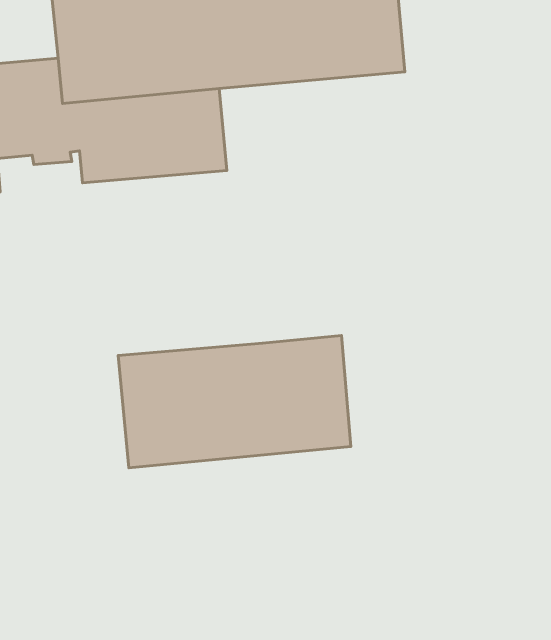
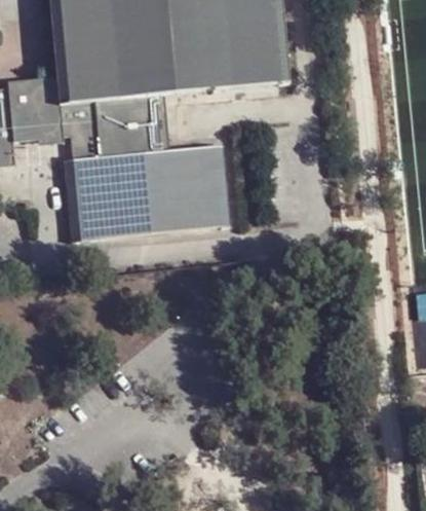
building: [118,336,351,468] -> [71,145,228,234]

